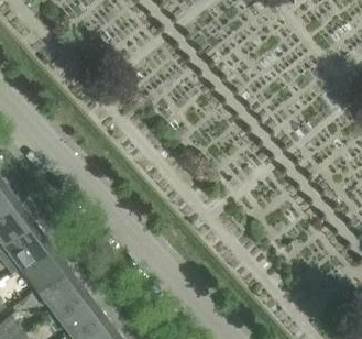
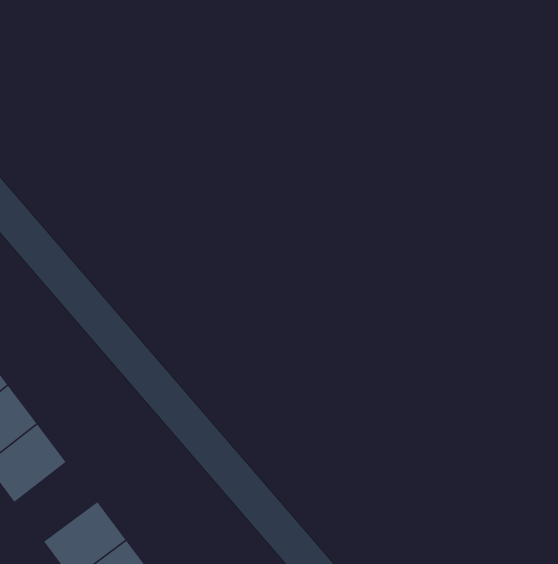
building: [36,267,84,313] -> none

